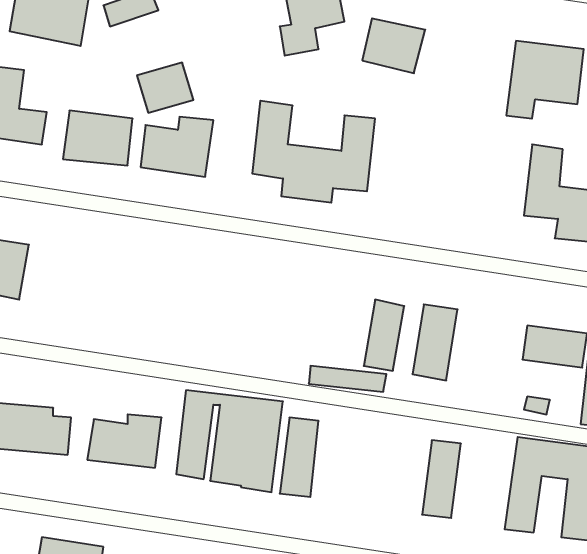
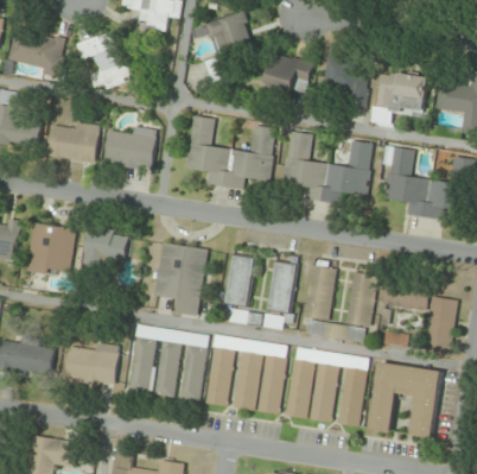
building: none -> [319,55,373,109]
building: [137,63,193,113] -> [89,50,131,87]
building: none -> [282,131,373,202]
building: none -> [26,222,75,276]
building: none -> [81,228,127,276]
building: none -> [154,241,208,316]
building: none -> [225,254,254,305]
building: none -> [305,271,377,341]
building: none -> [233,350,287,413]
building: none -> [285,359,314,417]
building: none -> [337,367,369,426]

